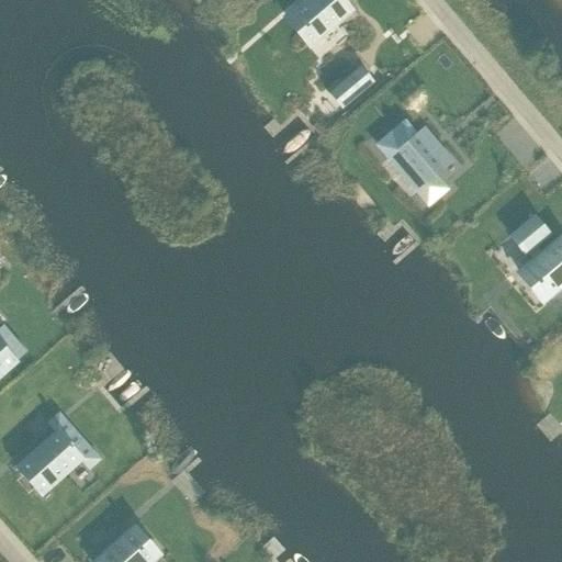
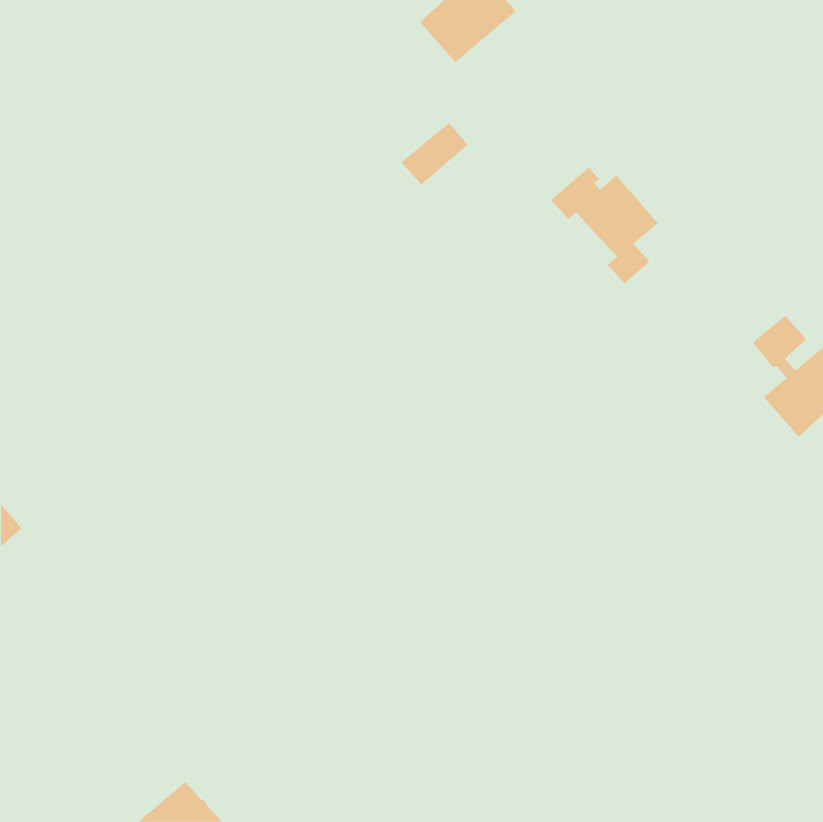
building: [328,65,374,108] -> [401,122,468,185]
building: [16,429,82,493] -> none

